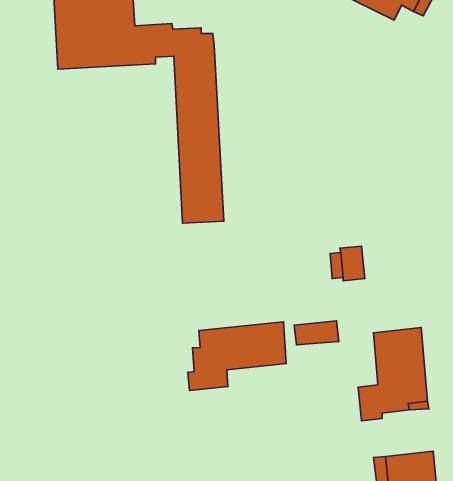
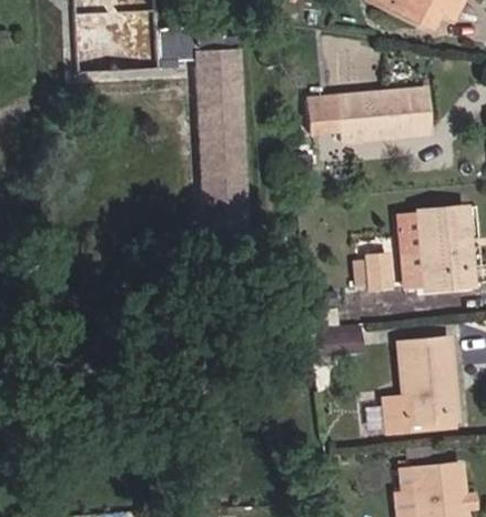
building: none -> [307,88,432,140]
building: none -> [402,206,474,288]
building: [188,322,286,390] -> none

